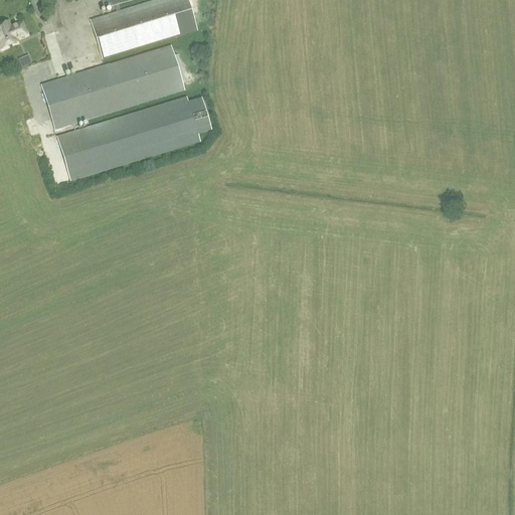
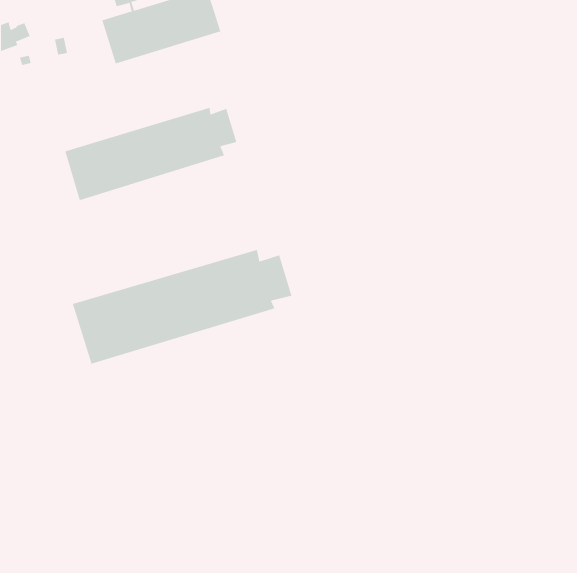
building: [41,44,184,128] -> none
building: none -> [72,249,292,365]

